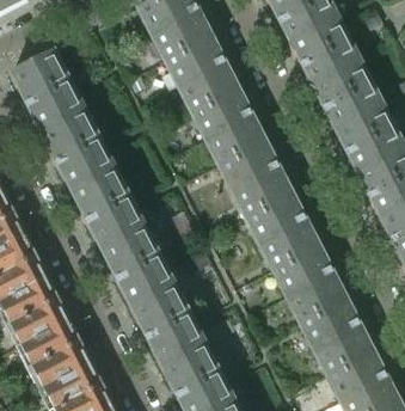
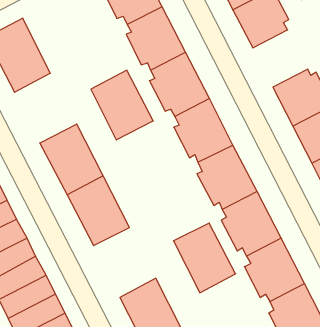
building: [313,62,376,127] -> none
building: [43,111,113,190] -> [91,70,153,140]
building: [133,286,203,364] -> [173,223,236,293]

